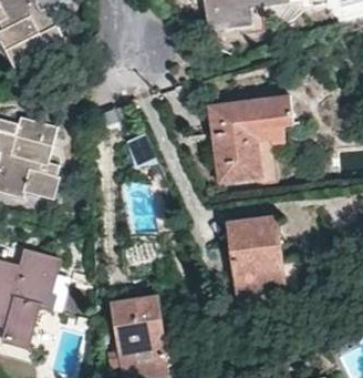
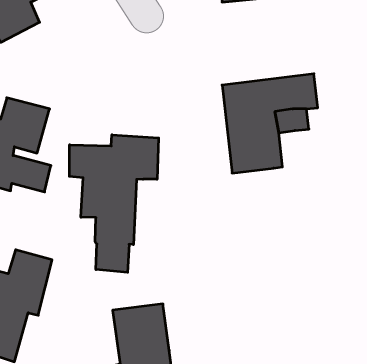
building: none -> [69,135,159,272]
building: [227,215,284,299] -> none

